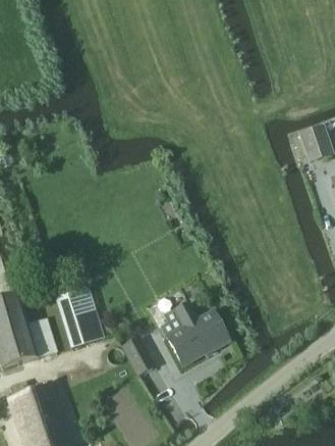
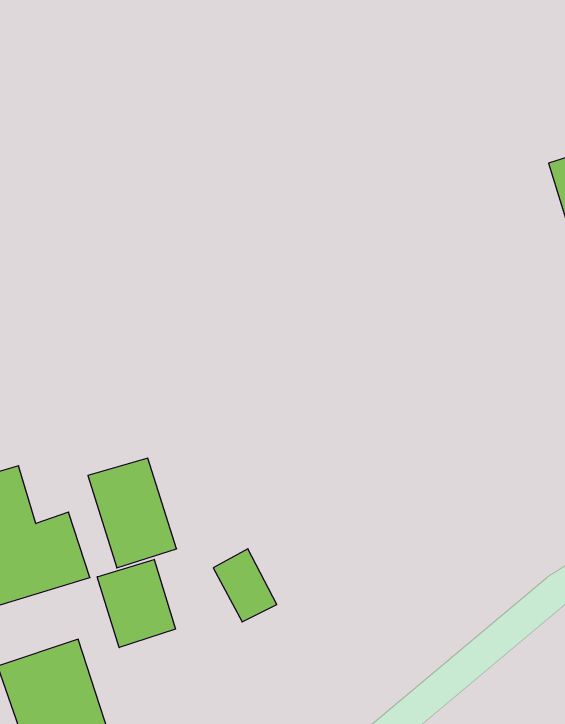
building: [161,299,229,364] -> none
building: none -> [97,559,175,648]

